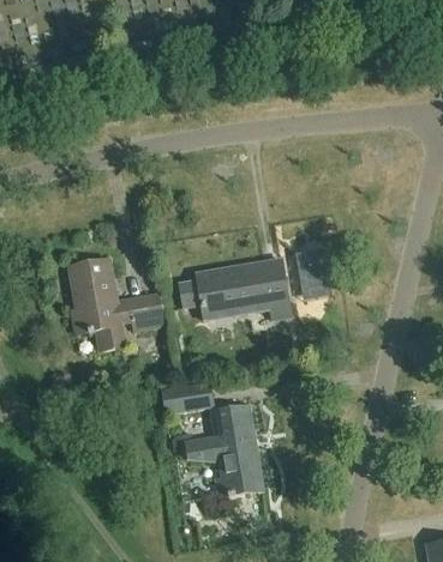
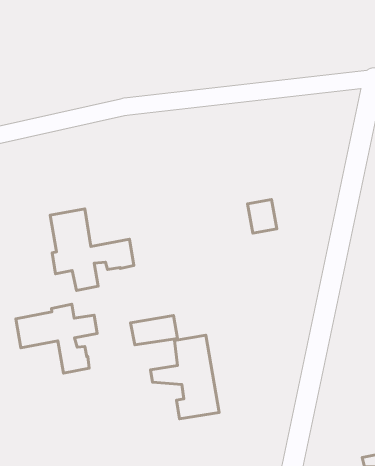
building: [179,258,291,319] -> none
building: none -> [16,304,97,373]

